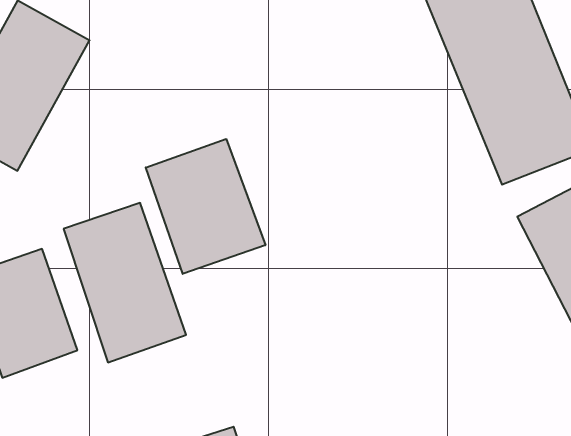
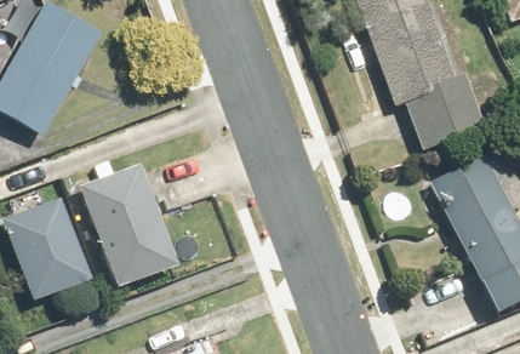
building: [146,139,265,274] -> none

